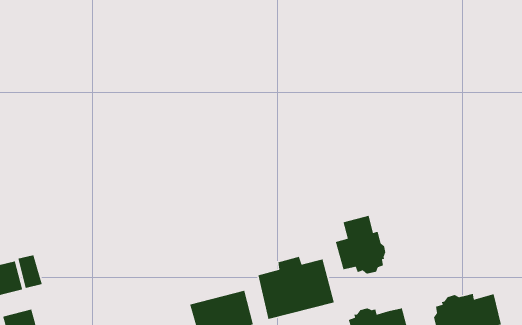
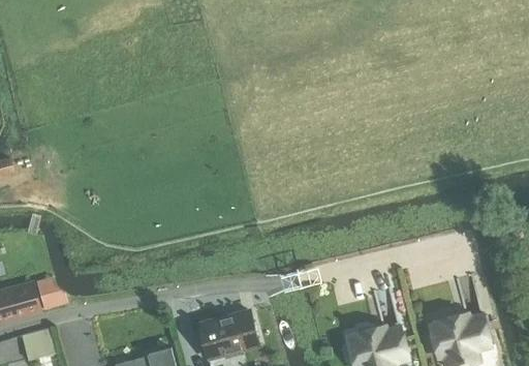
building: [335,215,386,275] -> none
building: [257,256,335,320] -> none

